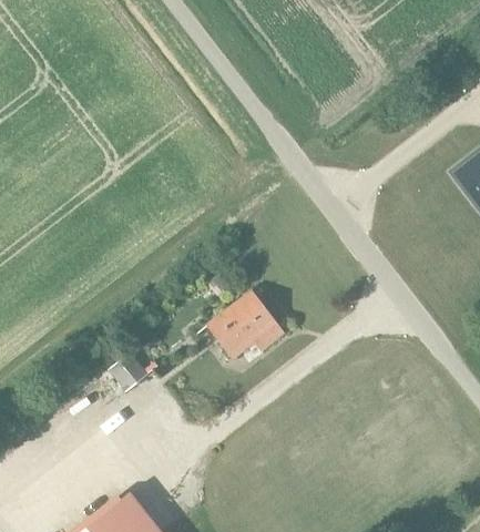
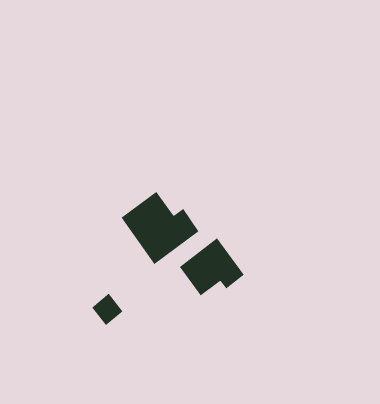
building: none -> [121,191,200,265]

